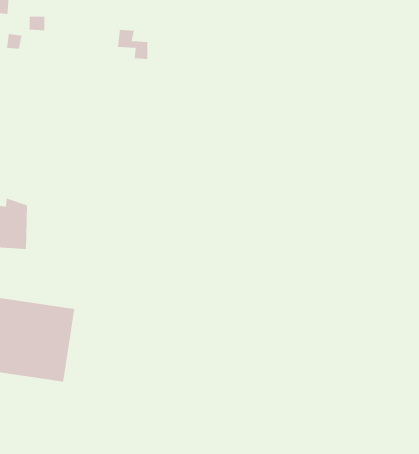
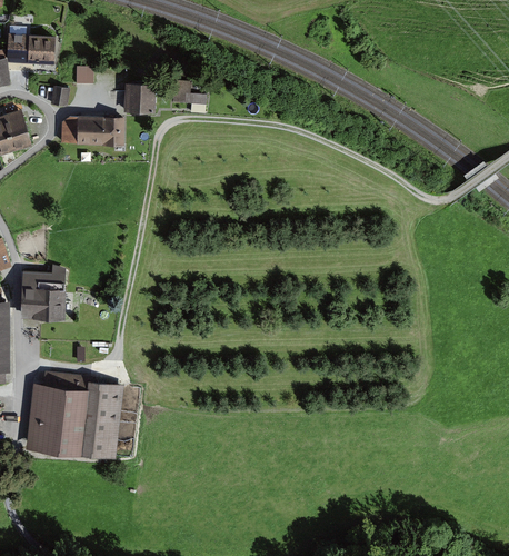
building: none -> [122,86,147,113]
building: none -> [59,117,128,148]

